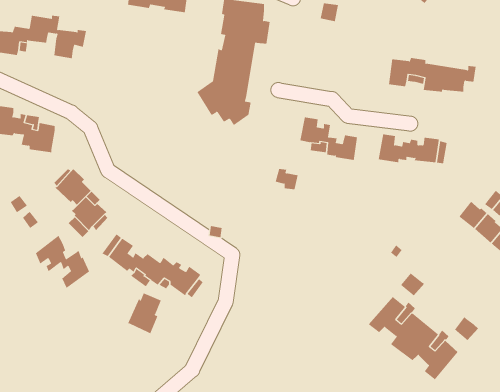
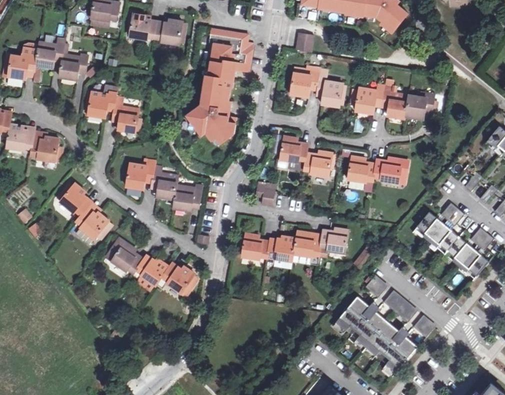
building: none -> [290,69,342,107]
building: none -> [89,95,141,135]
building: none -> [126,165,201,212]
building: none -> [244,227,351,258]
building: [35,235,90,289] -> none
building: none -> [386,290,419,321]
building: [127,293,161,334] -> none

